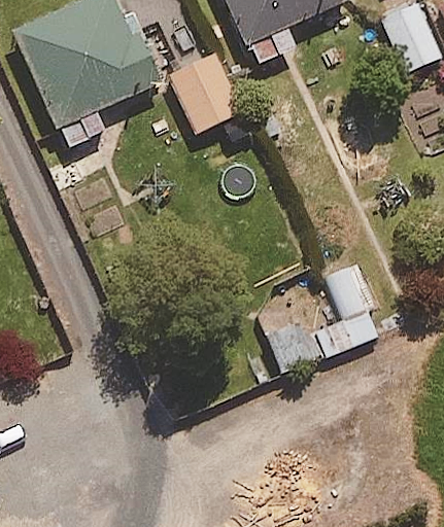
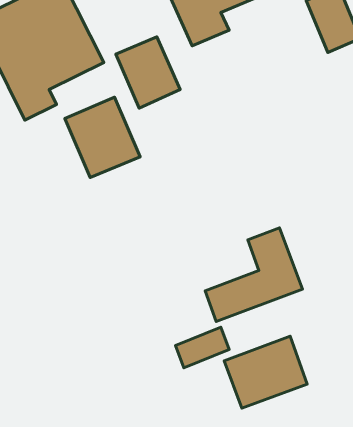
building: none -> [65,97,140,177]
building: none -> [224,336,307,408]

